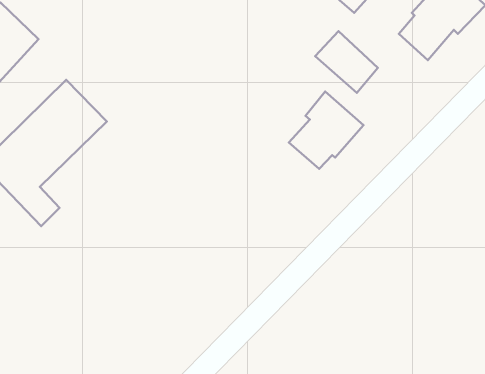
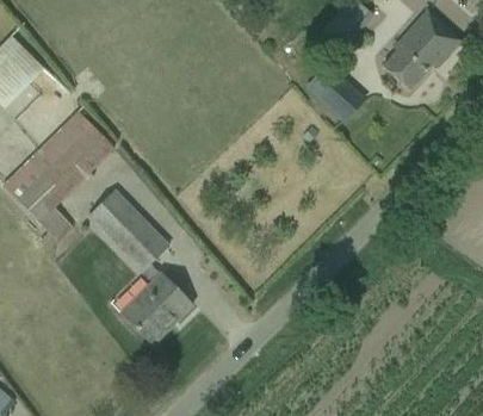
building: [289,92,363,169] -> none
building: none -> [88,190,192,342]

